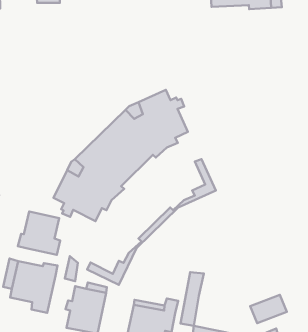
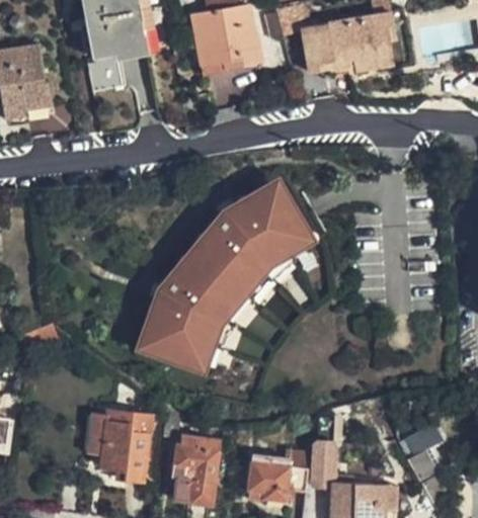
building: [87,159,216,285] -> [162,204,312,373]
building: [18,212,60,255] -> none

